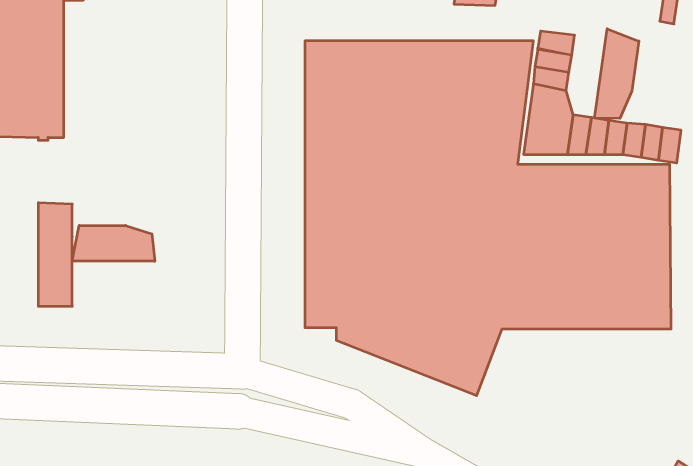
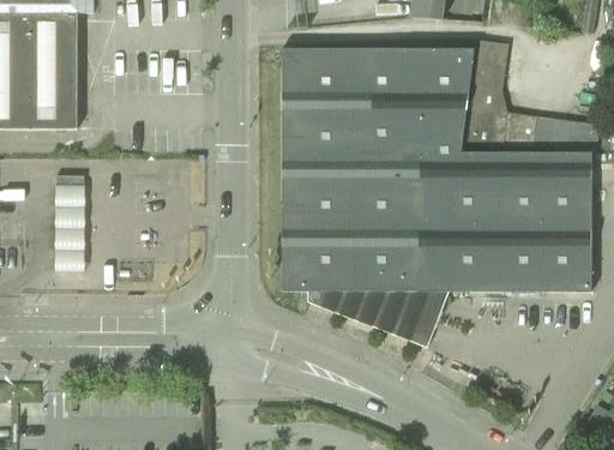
building: [595,29,639,118] -> none
building: [72,225,155,261] -> none

